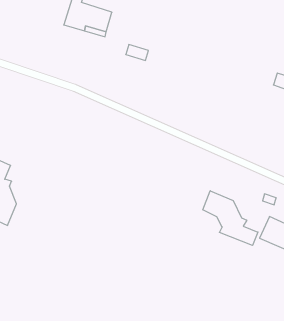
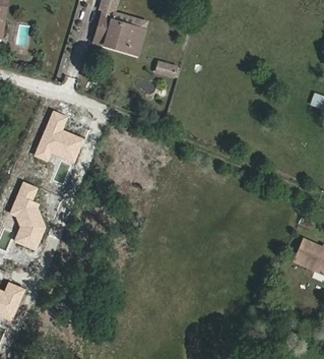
building: none -> [35,112,83,162]
building: [203,191,258,245] -> none

